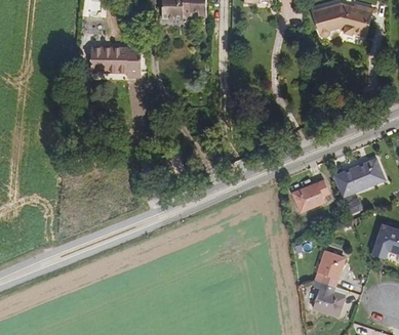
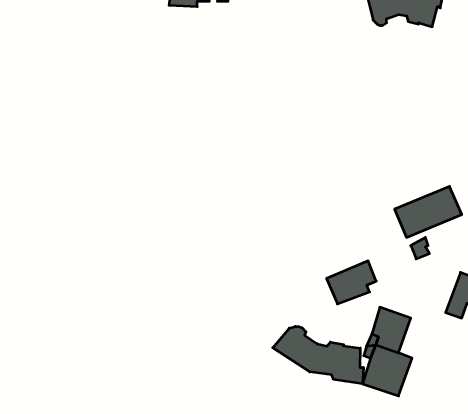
building: [87,47,141,77] -> none
building: [291,178,329,211] -> [327,261,376,304]
building: none -> [273,326,363,384]

